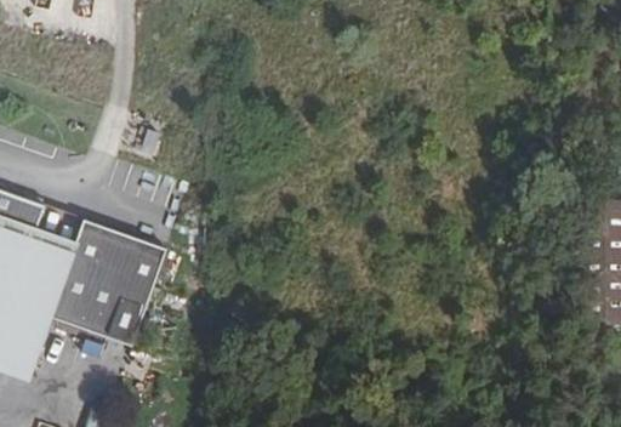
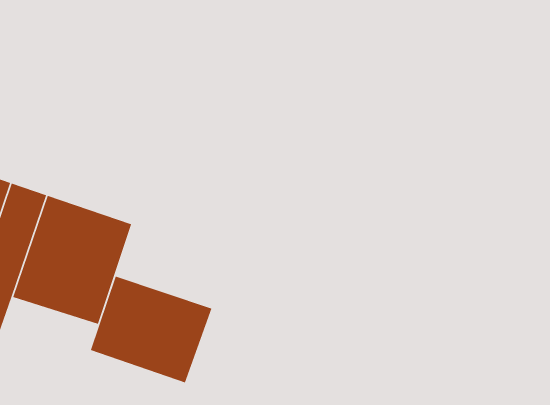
building: none -> [90,276,212,384]

